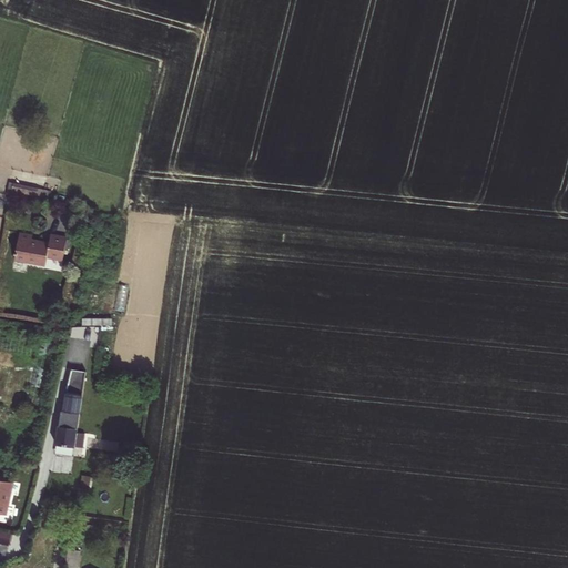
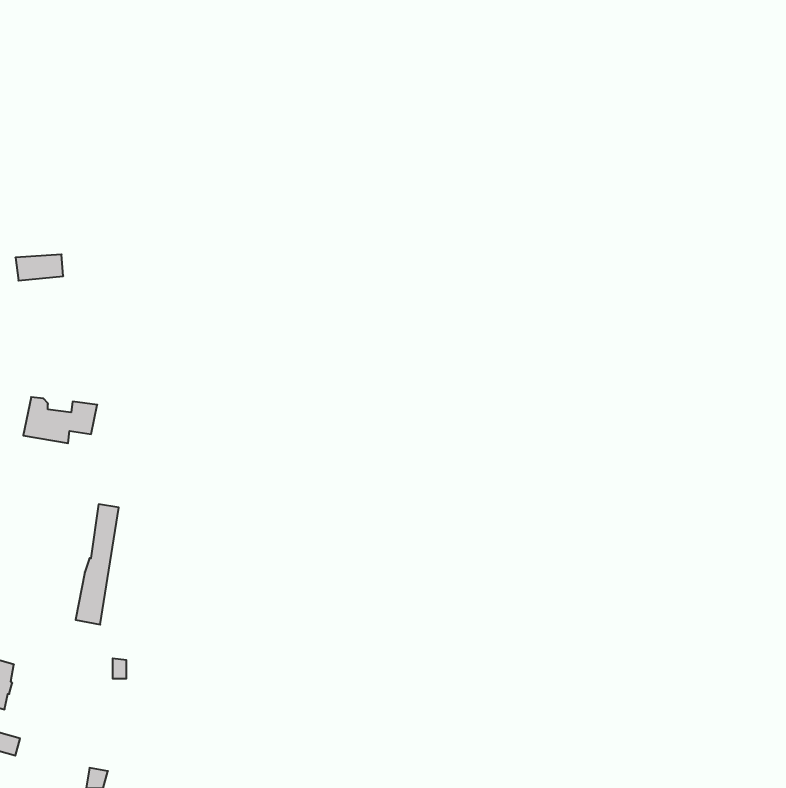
building: [12,233,65,266] -> [23,397,97,443]

